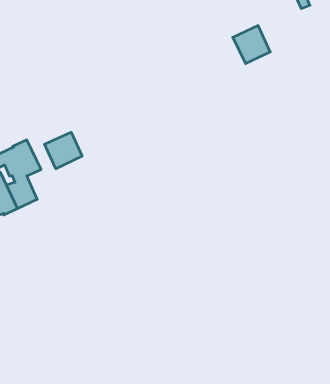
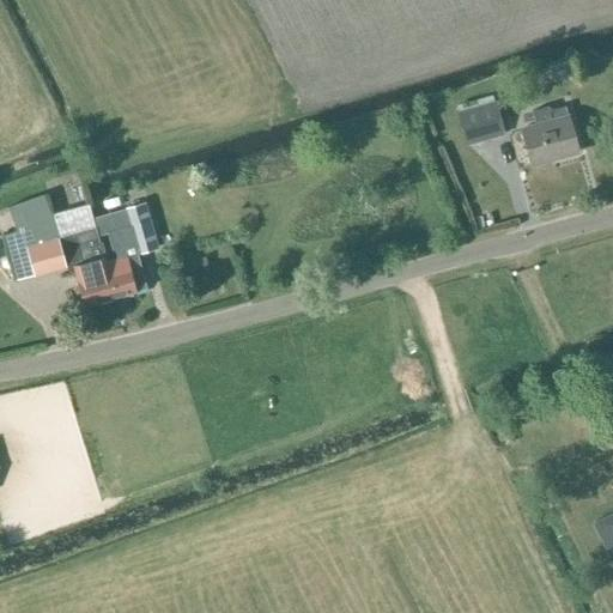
building: none -> [521,108,578,165]
building: [44,132,82,169] -> none

